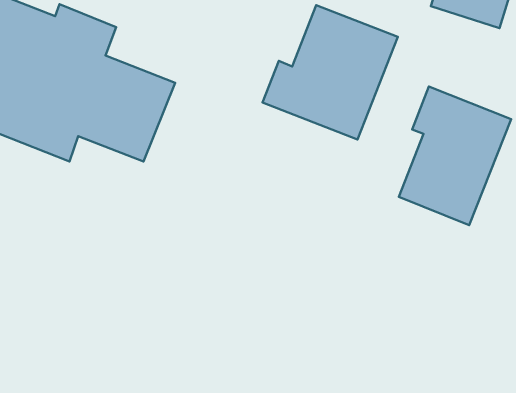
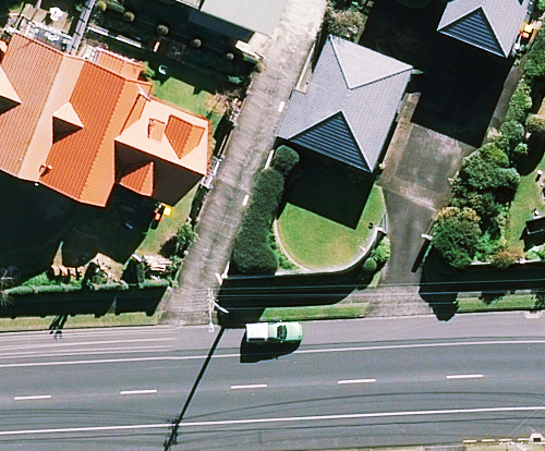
building: [399,87,511,225] -> none

